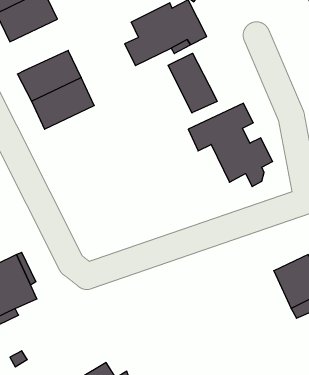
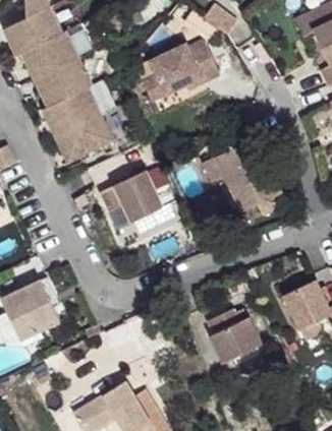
building: none -> [34,58,92,107]
building: [168,53,217,113] -> none
building: none -> [99,171,161,222]
building: none -> [206,309,261,362]

